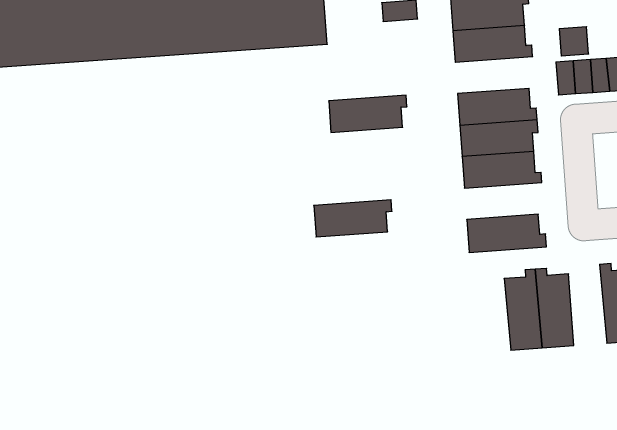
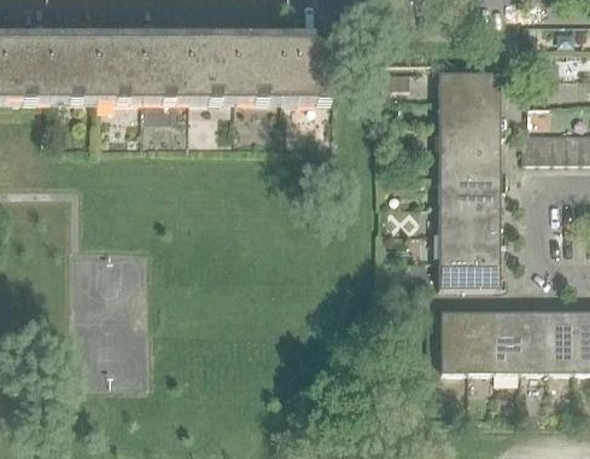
building: [329,95,407,132] -> [439,127,504,153]
building: [314,200,392,237] -> [439,233,504,260]
building: none -> [521,306,549,372]
building: none -> [440,306,468,372]

